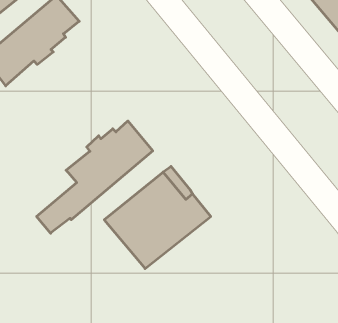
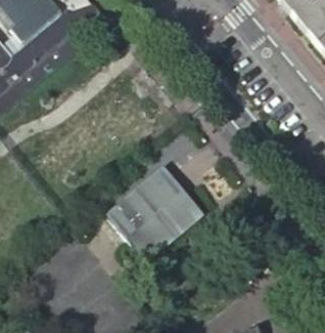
building: [37,121,153,233] -> none

